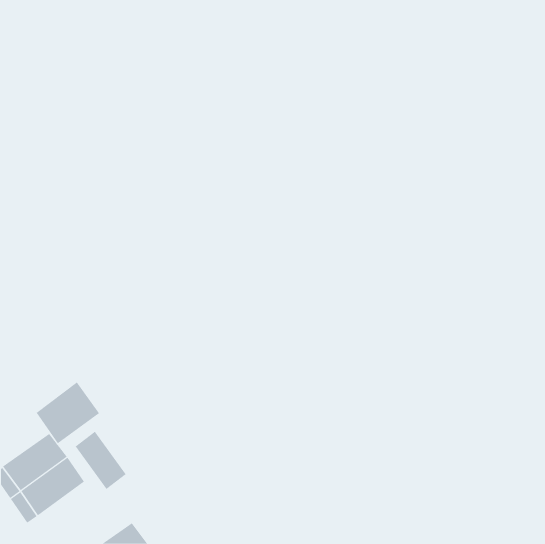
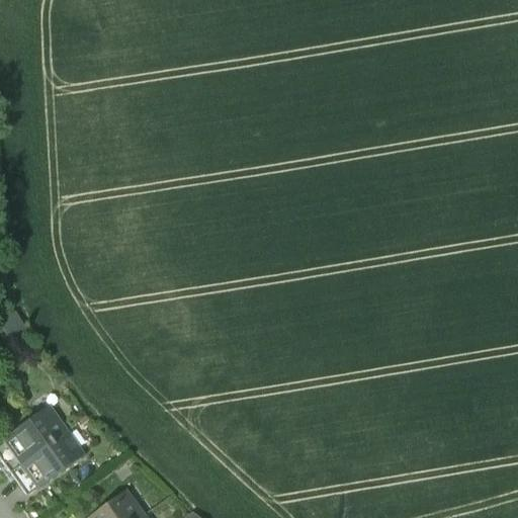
building: [36,382,100,444] -> none
building: [75,431,127,490] -> none

